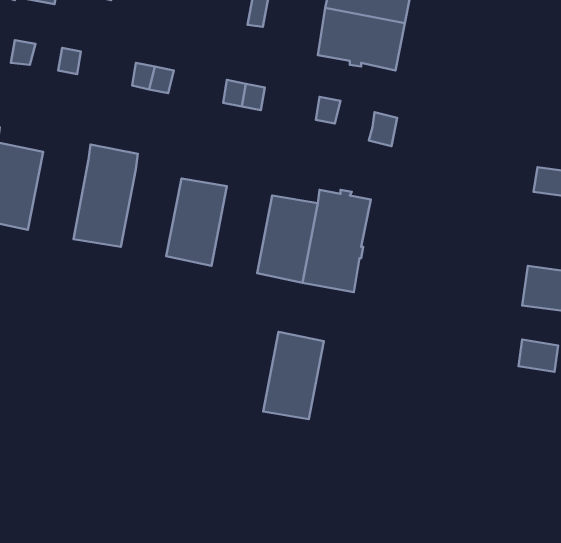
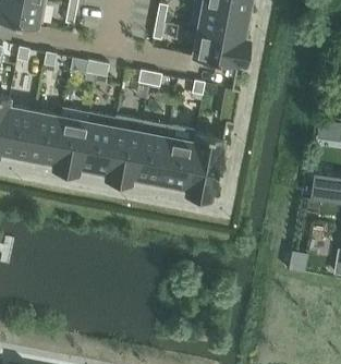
building: none -> [26,112,61,162]
building: none -> [80,122,114,172]
building: [263,332,324,419] -> [132,132,167,182]

